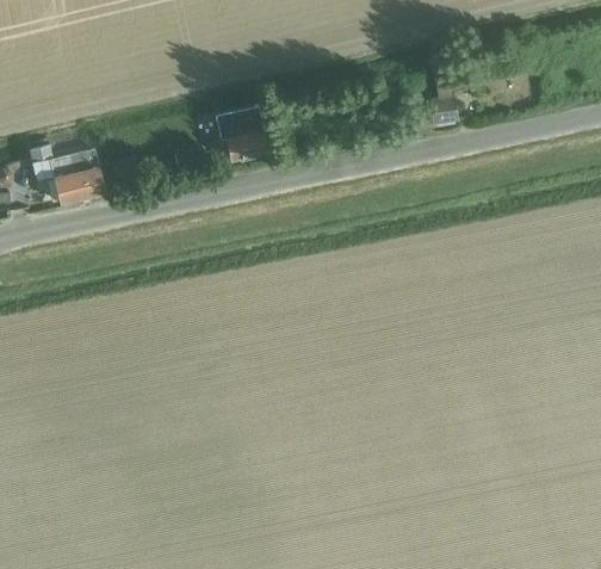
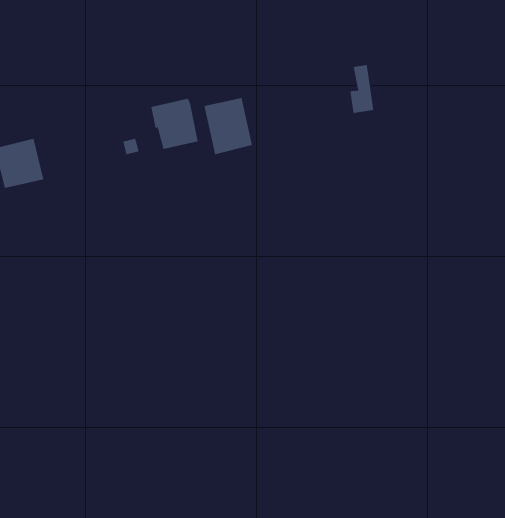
building: none -> [204,97,252,155]

